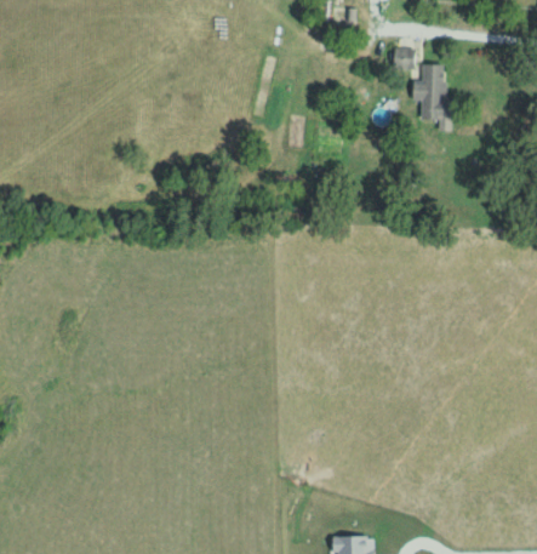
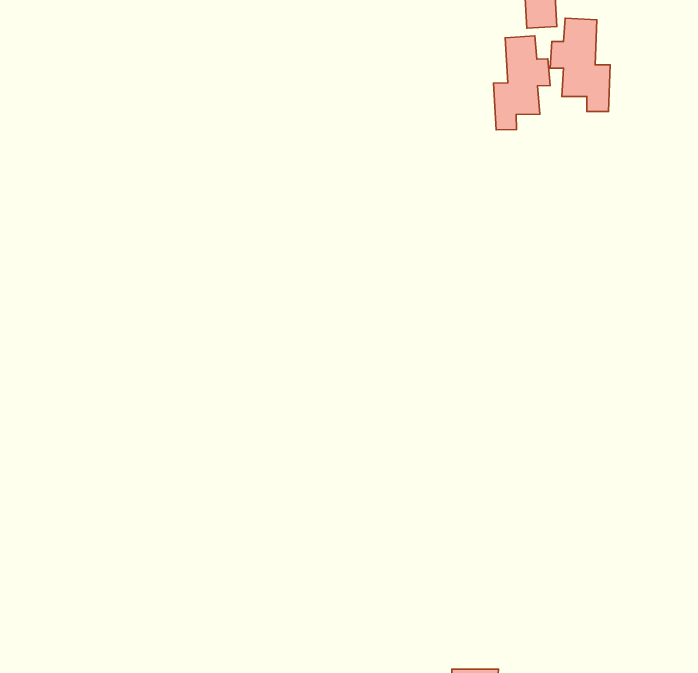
building: none -> [494,36,550,130]

